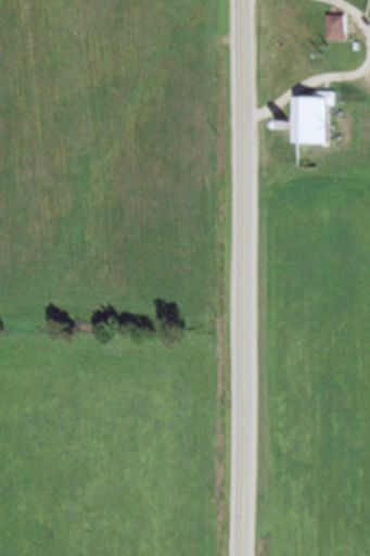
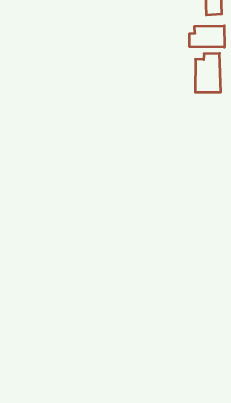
building: none -> [190,26,224,47]

